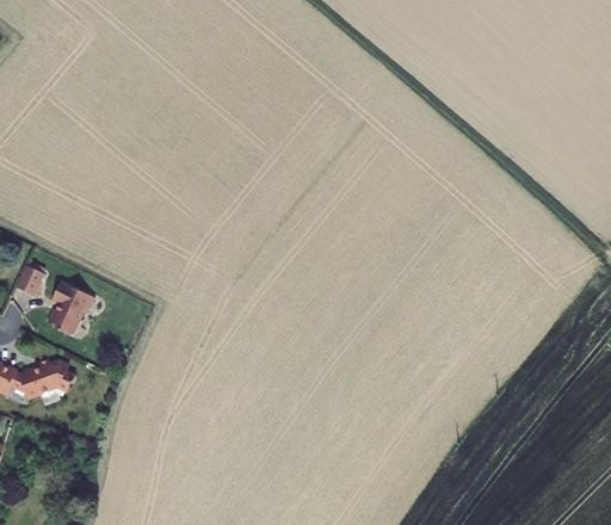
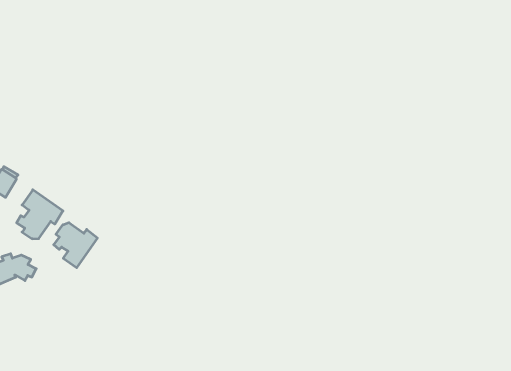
building: none -> [54,223,97,268]

